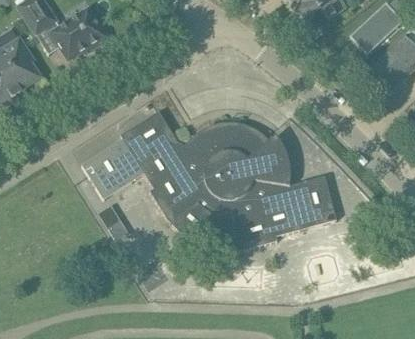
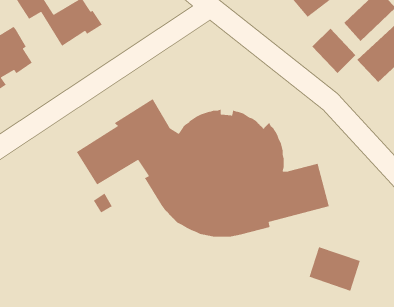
building: none -> [312,28,356,74]
building: none -> [309,246,361,292]

